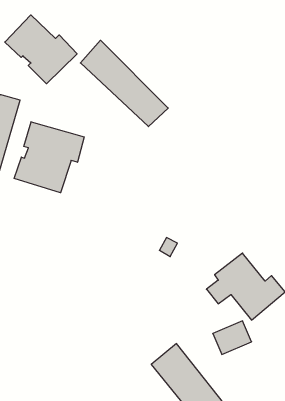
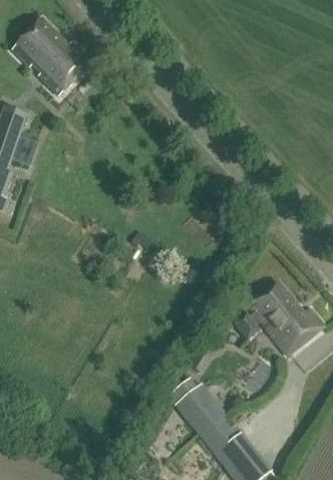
building: [80,40,168,127] -> none
building: [14,122,84,193] -> none

